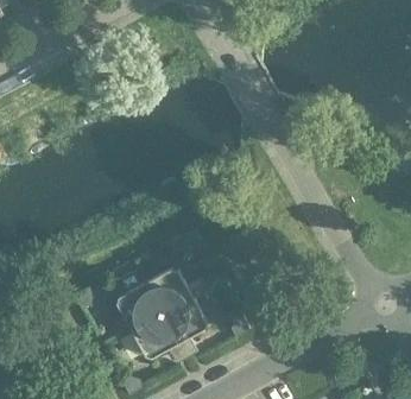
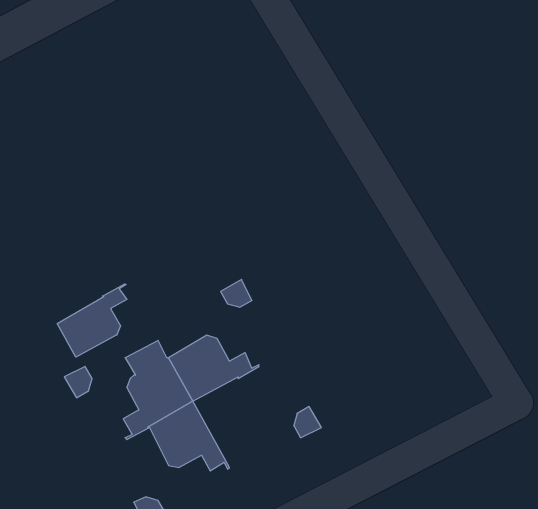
building: none -> [57,284,127,357]
building: [163,294,208,356] -> none

